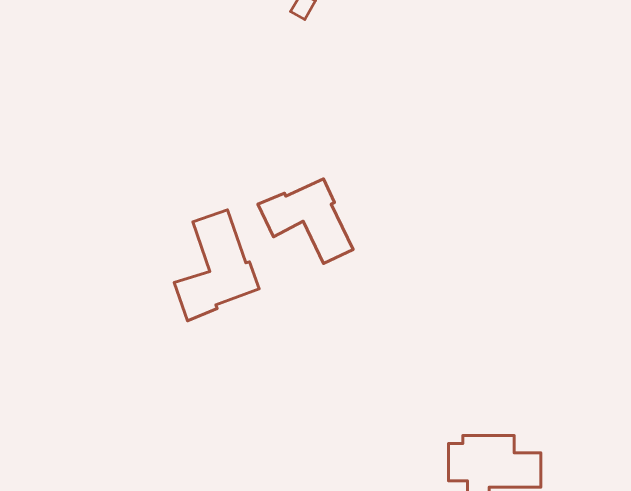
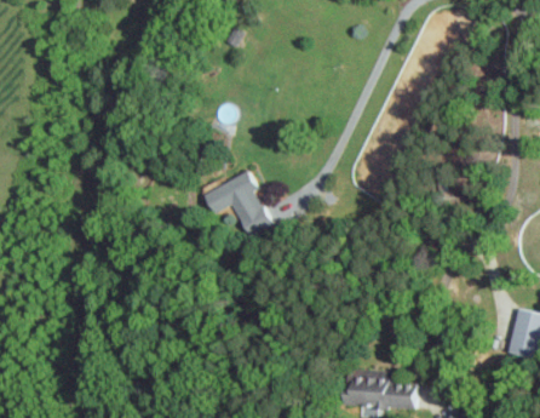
building: [174,210,259,321] -> none

